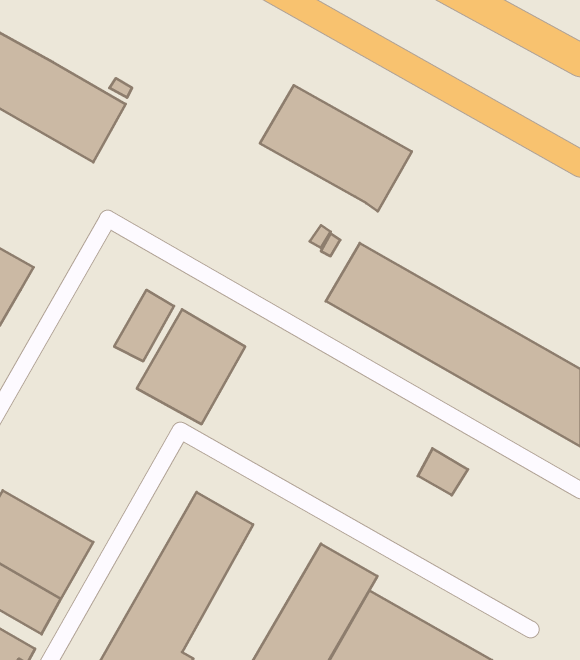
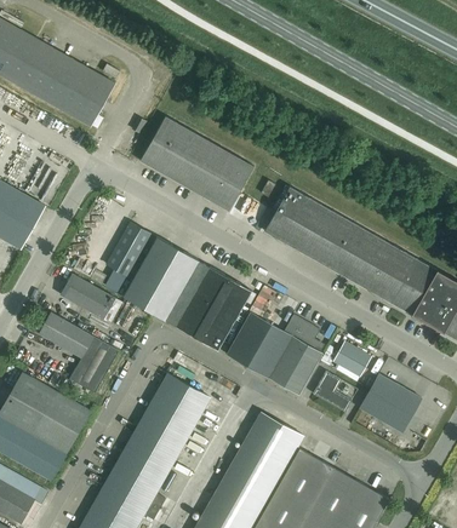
building: [260,85,412,211] -> [139,116,253,211]
building: none -> [171,264,251,350]
building: none -> [61,274,122,322]
building: none -> [227,311,322,395]
building: none -> [39,312,119,392]
building: none -> [313,371,352,411]
building: none -> [359,373,421,431]

